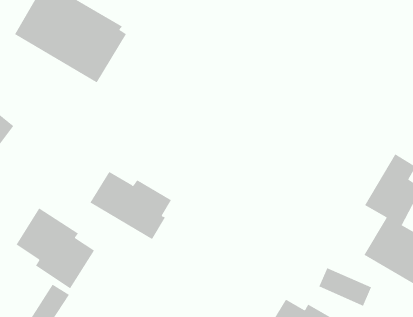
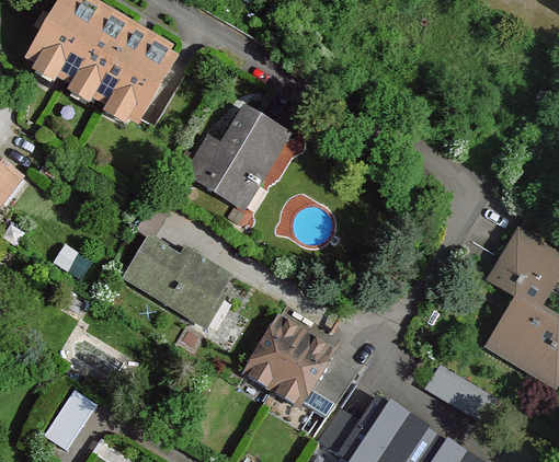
building: none -> [185,106,293,212]
building: [16,207,95,289] -> none
building: none -> [243,322,347,404]

